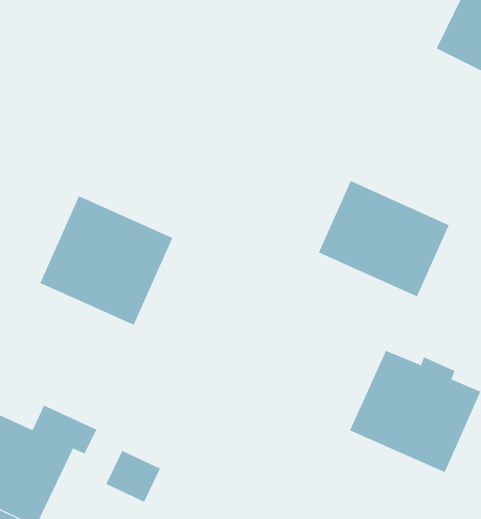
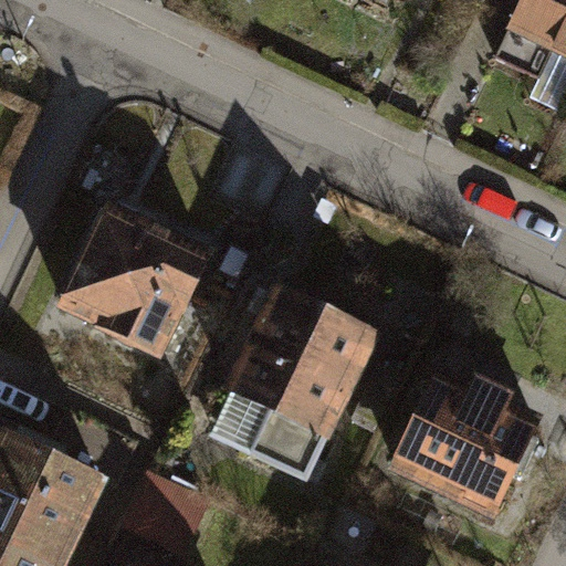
building: [318,180,450,297] -> none
building: none -> [229,295,374,471]

